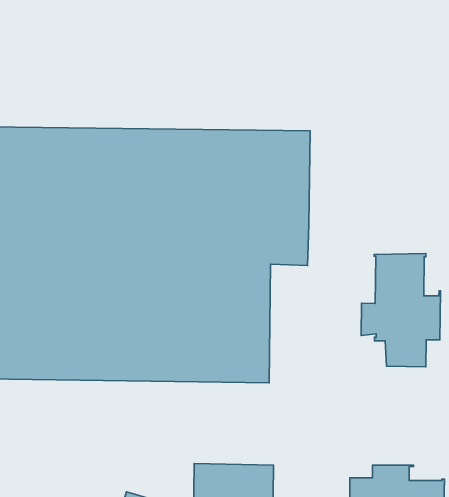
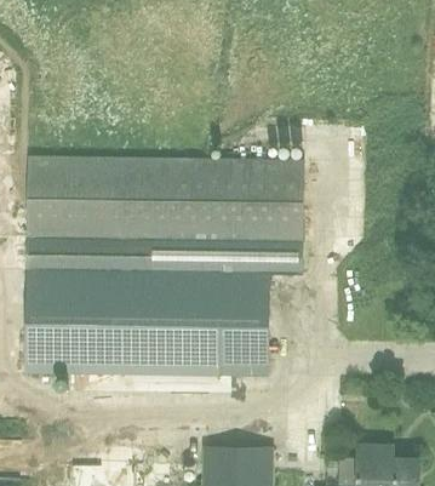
building: [361,253,441,367] -> none

